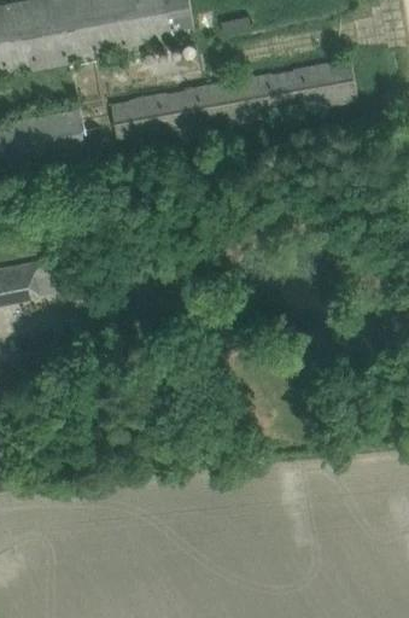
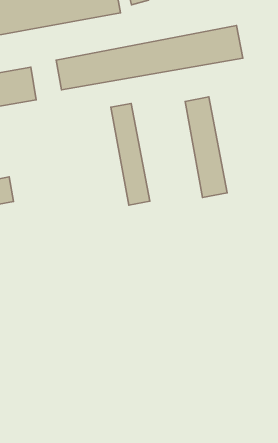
building: none -> [185,97,227,198]
building: none -> [111,104,150,205]

